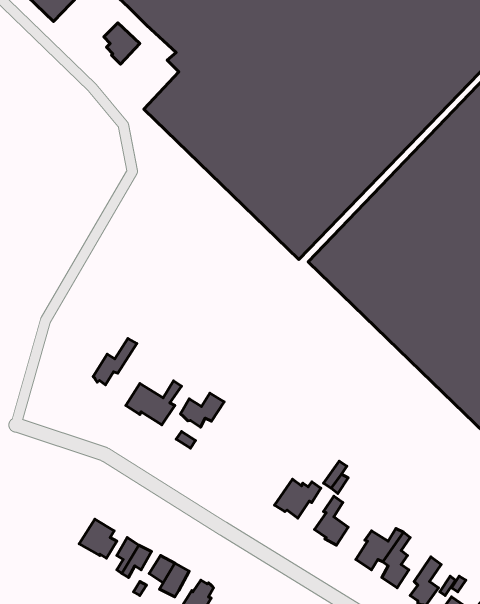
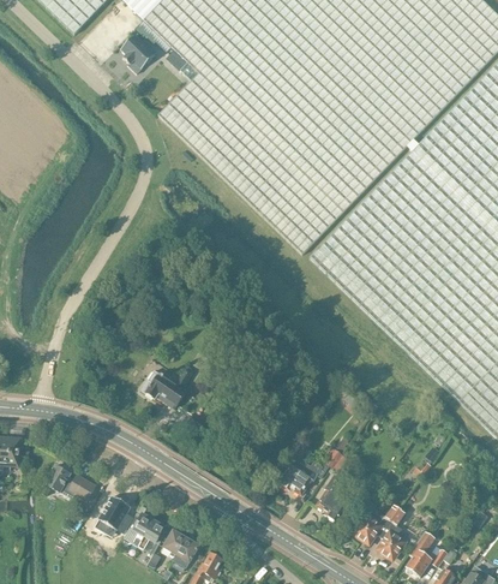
building: [93,339,137,385] -> none
building: [180,393,224,427] -> none
building: none -> [42,464,97,500]

